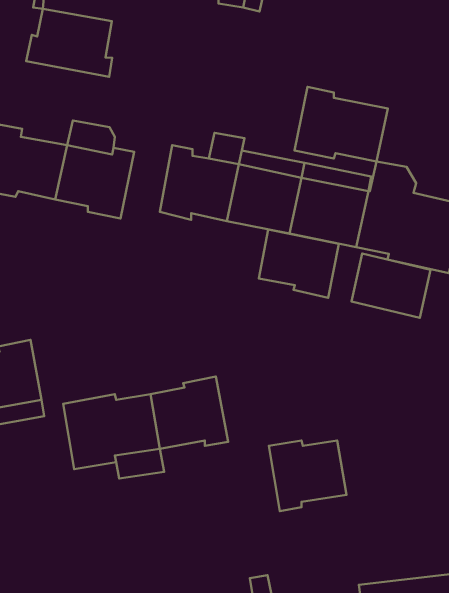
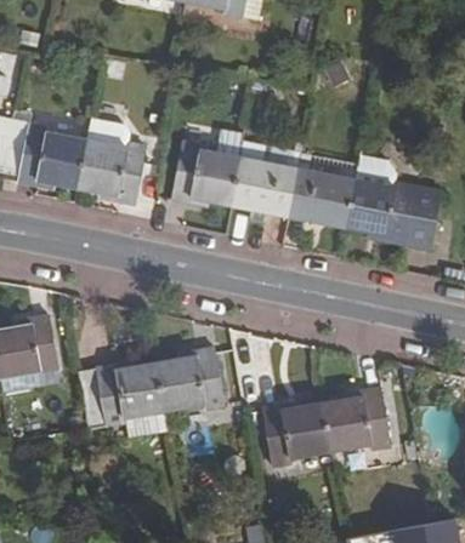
building: [26,9,112,77] -> none
building: [294,87,388,161] -> none
building: [259,229,339,298] -> none
building: [352,253,431,318] -> none
building: none -> [324,388,393,452]

